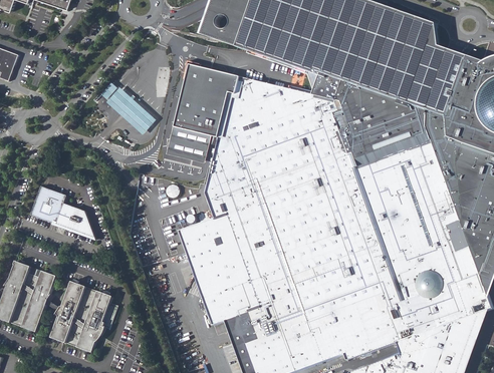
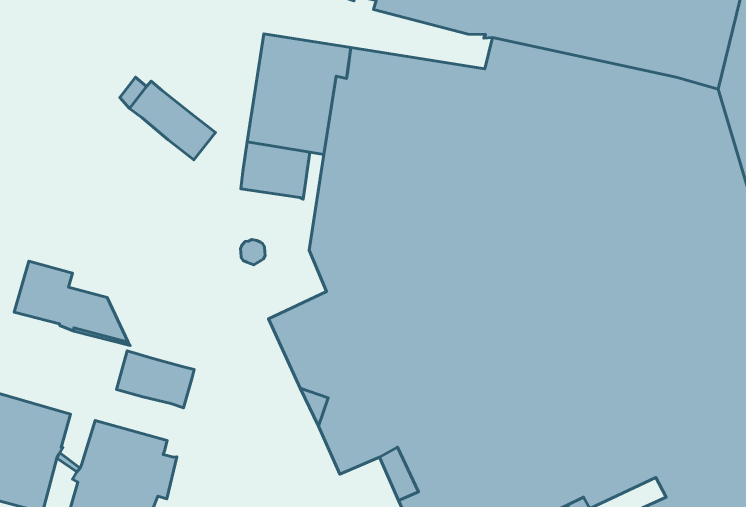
building: none -> [116,351,194,408]

